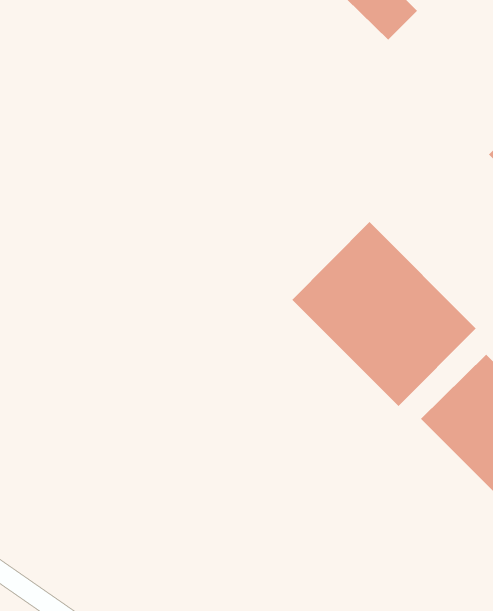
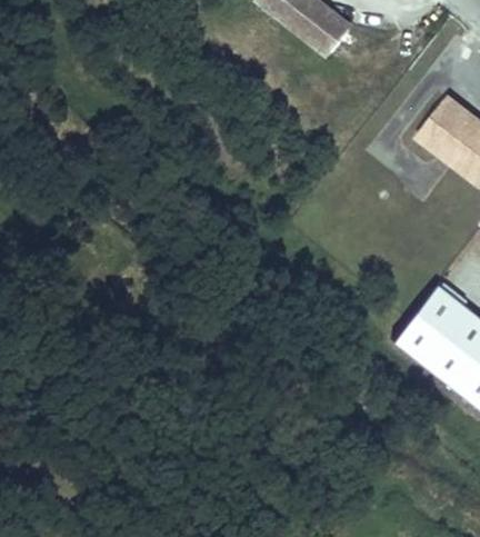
building: [292,221,477,407] -> none

